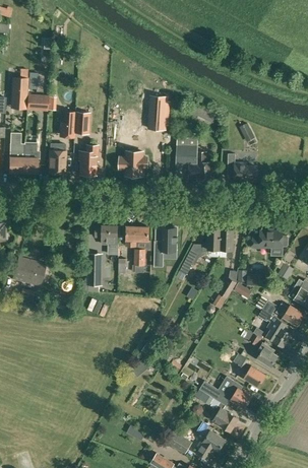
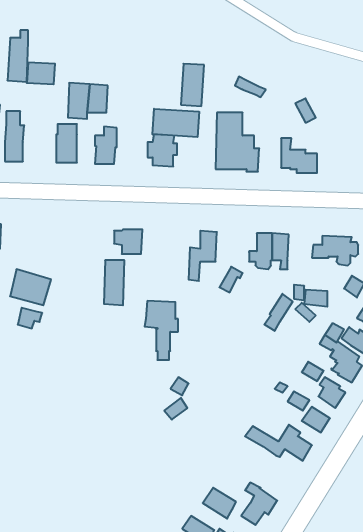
building: none -> [152,109,199,137]
building: [23,142,38,174] -> none
building: [125,226,151,273] -> [145,301,178,360]
building: [195,390,239,432] -> none

